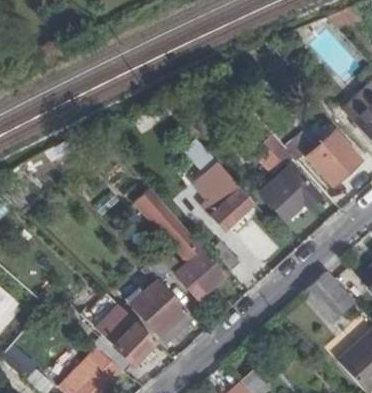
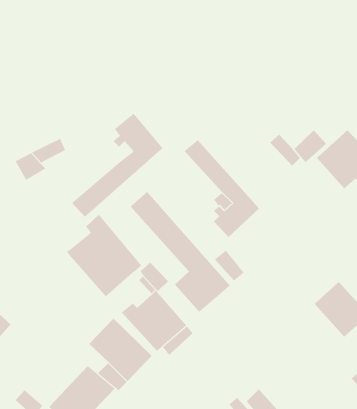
building: none -> [71,113,163,217]
building: [262,168,318,221] -> none
building: none -> [66,214,142,297]

